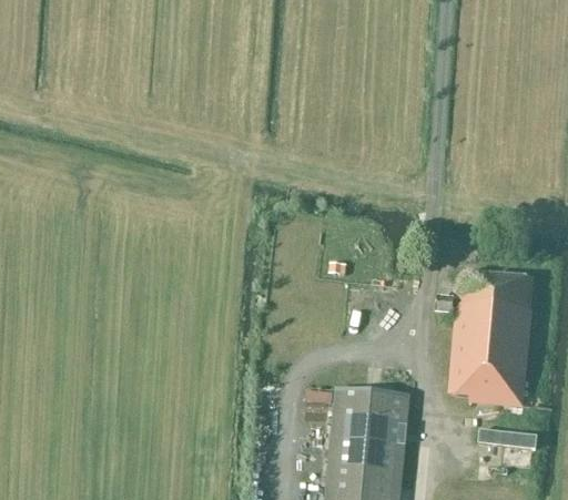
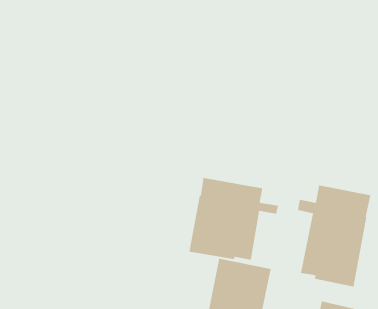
building: none -> [189,177,278,261]

